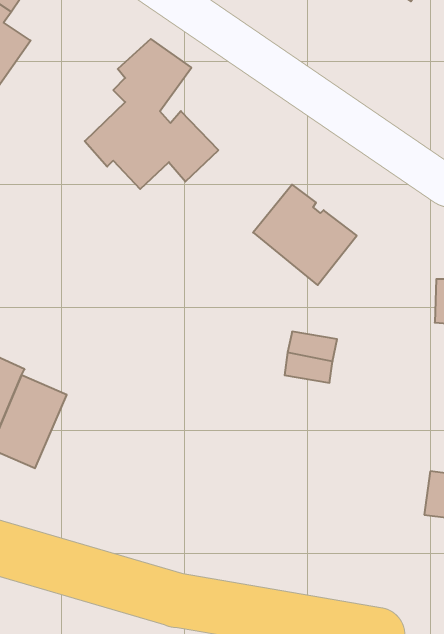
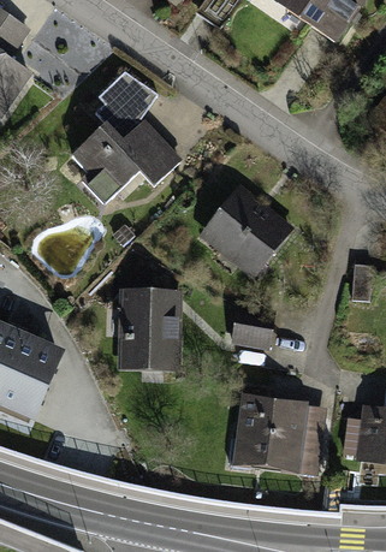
building: none -> [124,296,177,363]
building: none -> [230,396,319,467]

